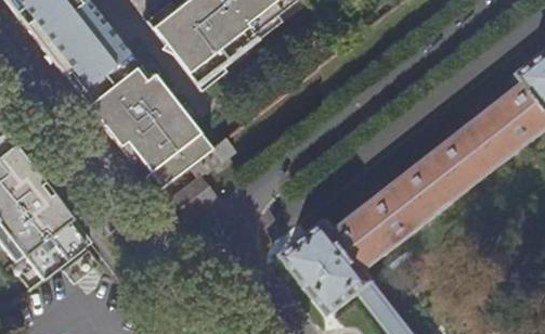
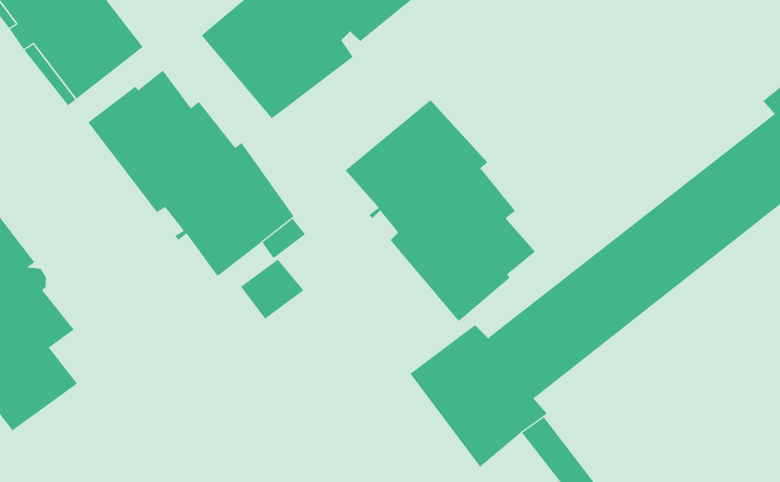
building: none -> [345,100,536,322]

